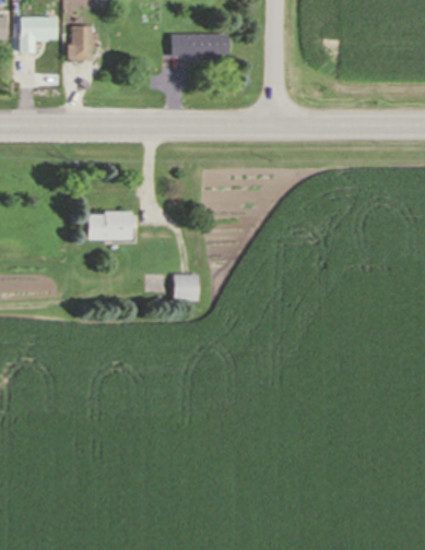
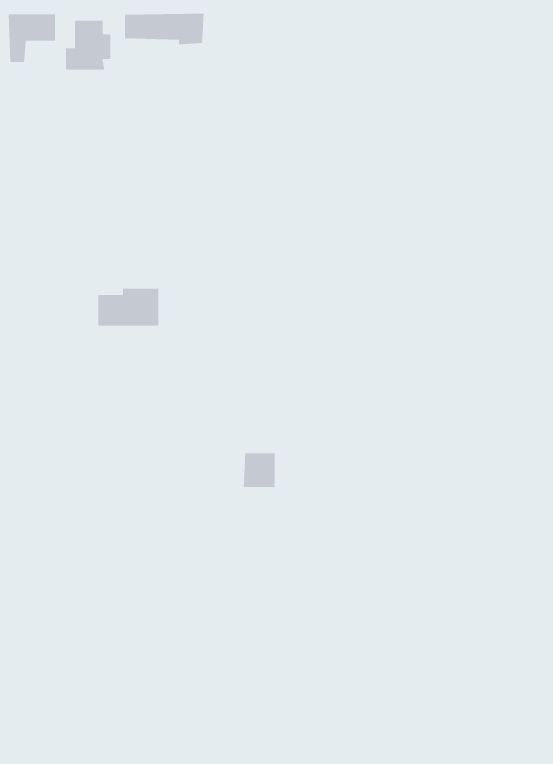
building: [170,35,227,58] -> [124,13,204,45]
building: [174,275,197,300] -> [243,452,275,488]

